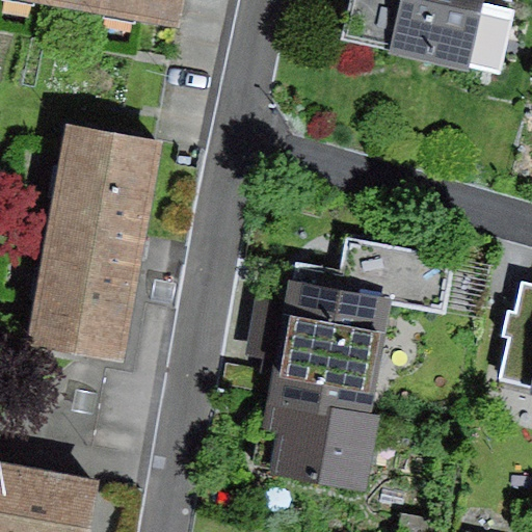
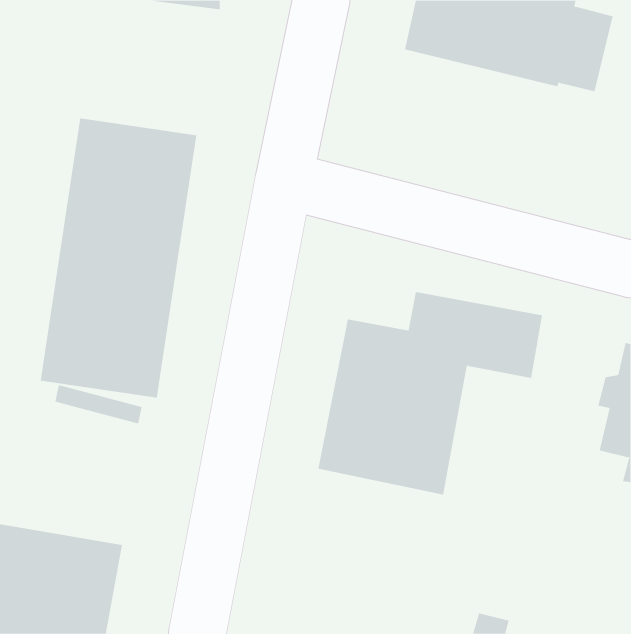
building: [256,393,379,500] -> none

